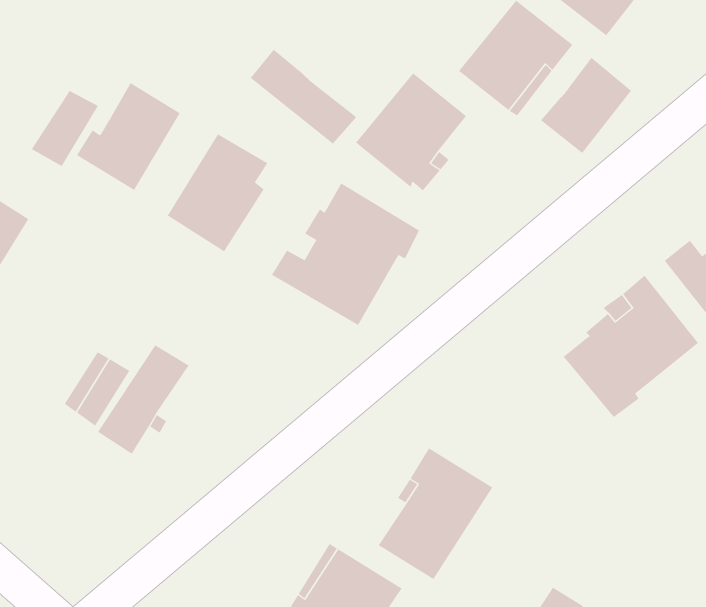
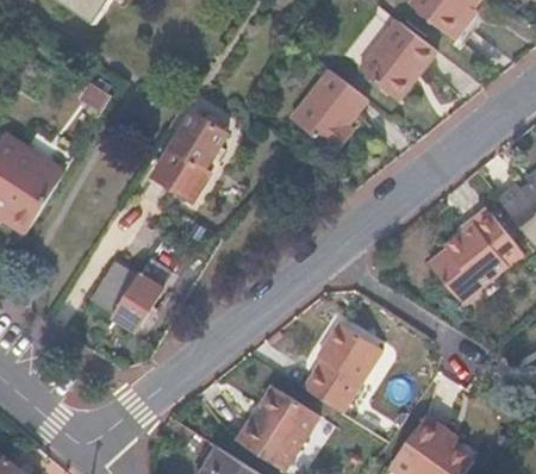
building: [250,49,357,144] -> none
building: [540,57,632,154] -> none
building: [76,82,181,191] -> none
building: [271,183,420,326] -> none

